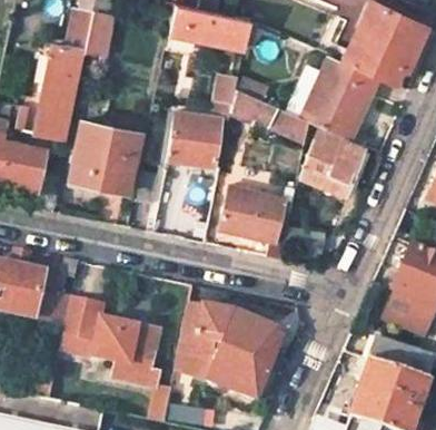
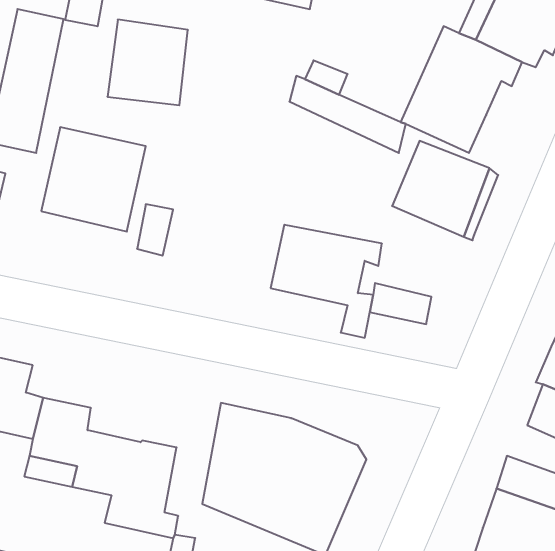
building: [168,110,220,166] -> [107,20,188,105]

